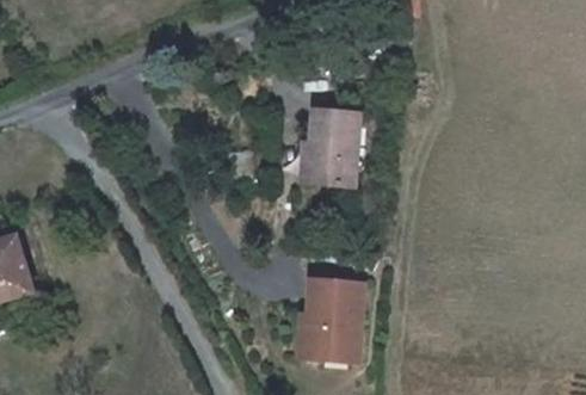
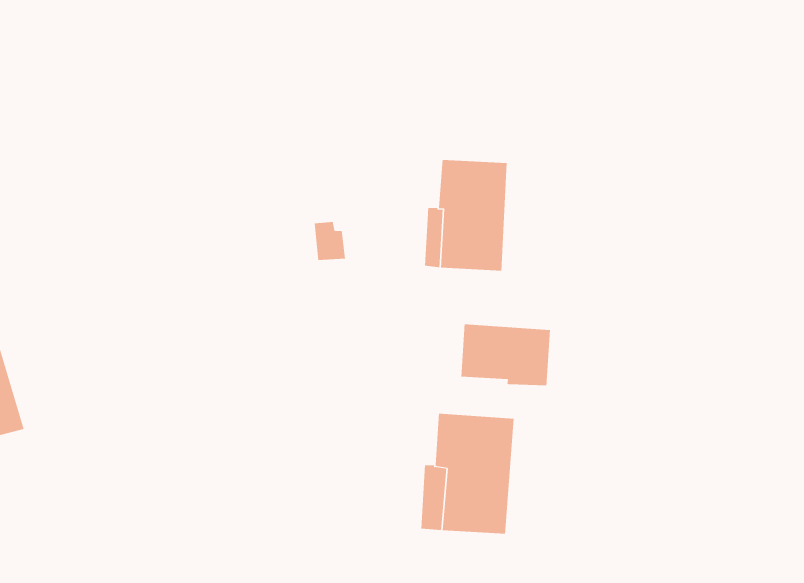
building: none -> [461,323,550,386]

